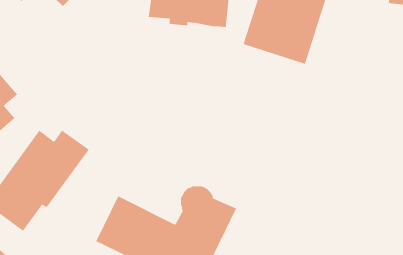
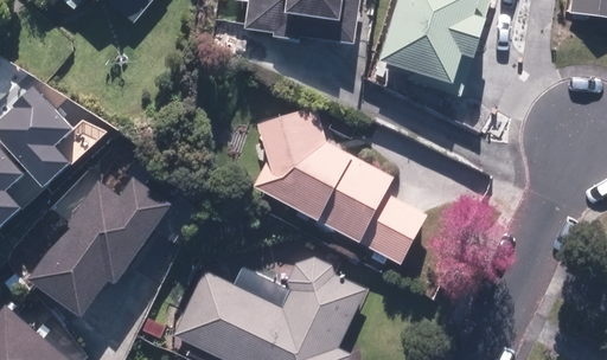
building: none -> [253,109,429,265]

